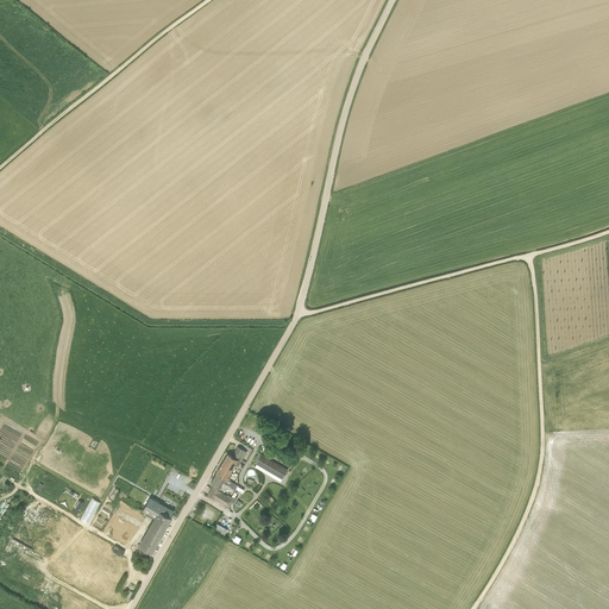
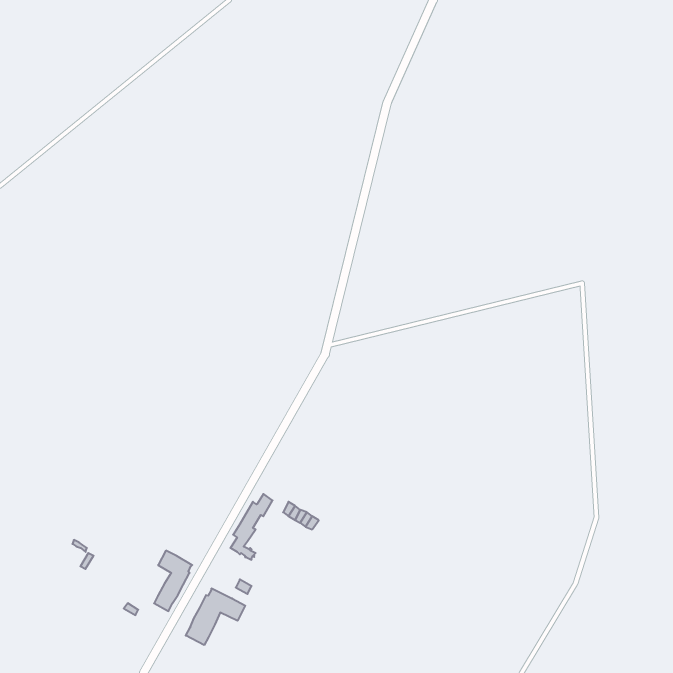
building: none -> [186,588,245,645]

